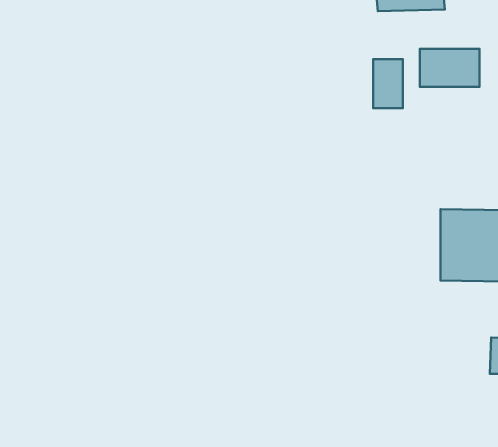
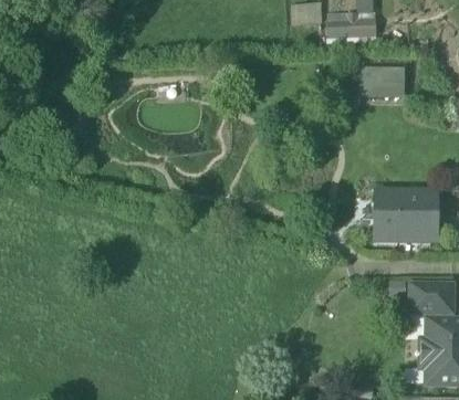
building: [373,59,403,108] -> none

